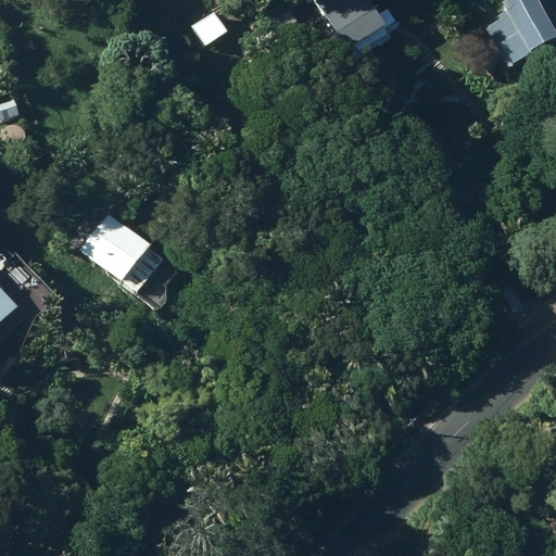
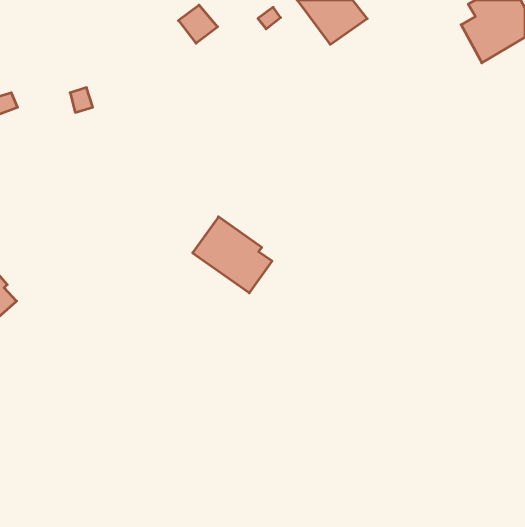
building: [78,211,162,291] -> [193,217,272,293]

